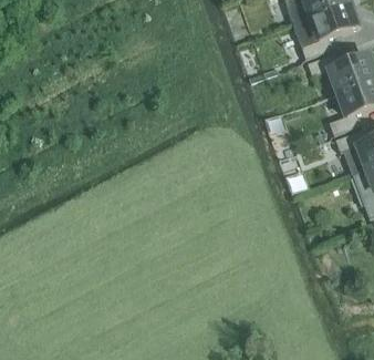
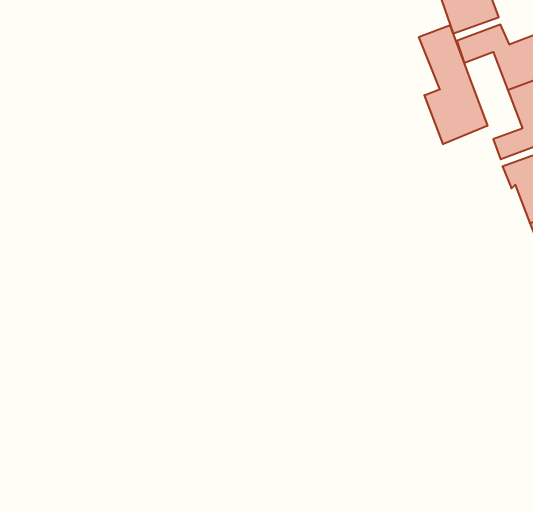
building: none -> [419,25,487,144]

